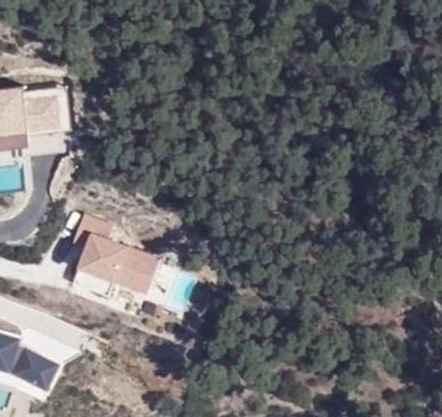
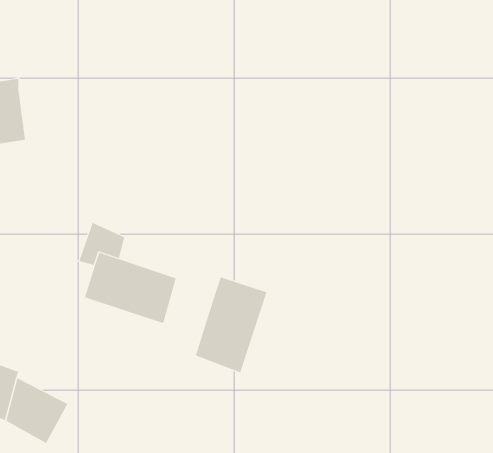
building: [18,86,67,136] -> none
building: none -> [195,276,267,373]

